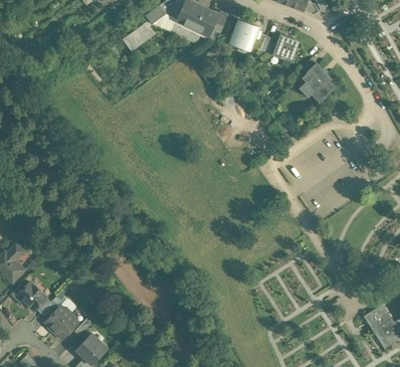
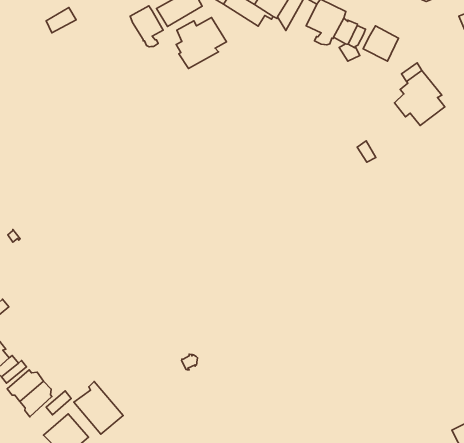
building: none -> [130,6,163,47]
building: none -> [176,17,227,69]
building: none -> [74,382,123,434]

